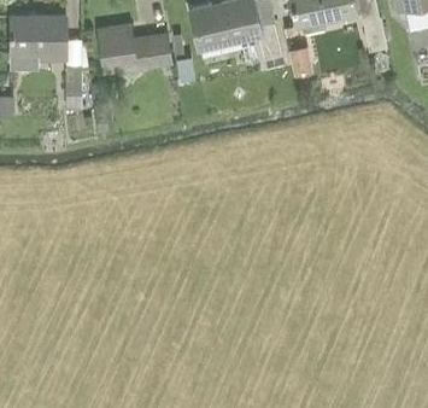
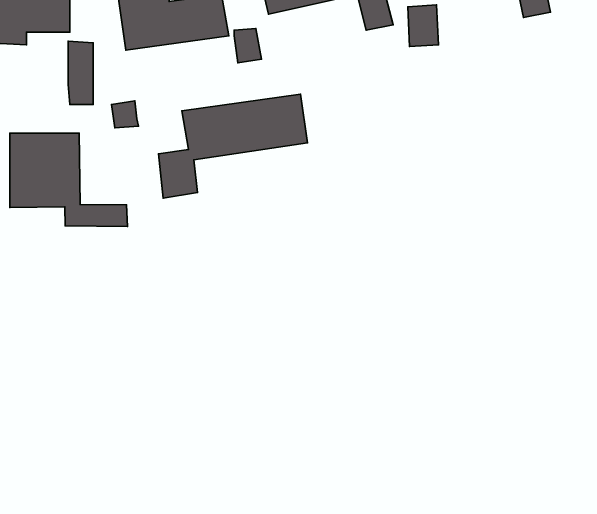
building: none -> [158,94,307,198]
building: none -> [10,133,128,227]

